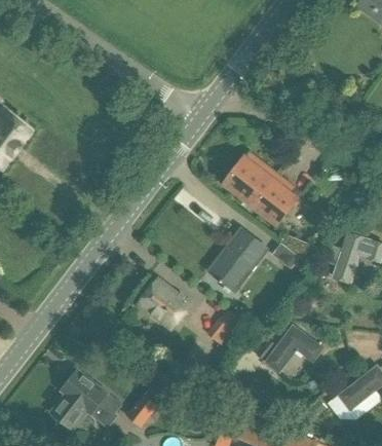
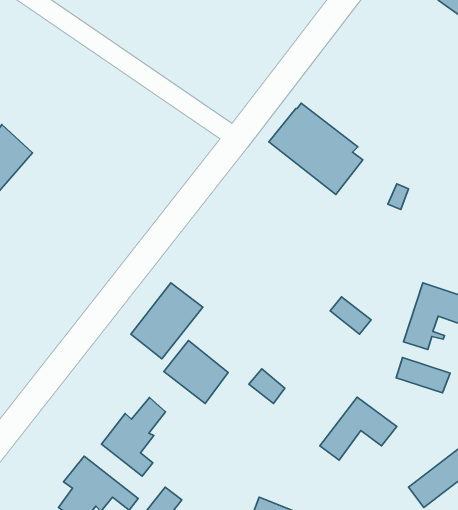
building: [224,153,299,226] -> [269,103,363,194]
building: [209,230,267,291] -> [131,283,203,359]
building: none -> [396,358,450,393]
building: none -> [101,397,165,476]

